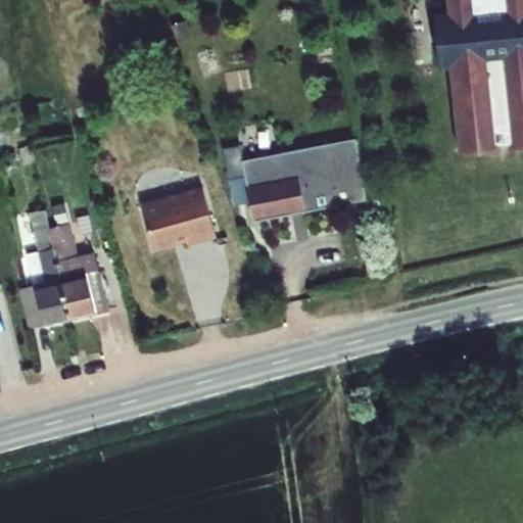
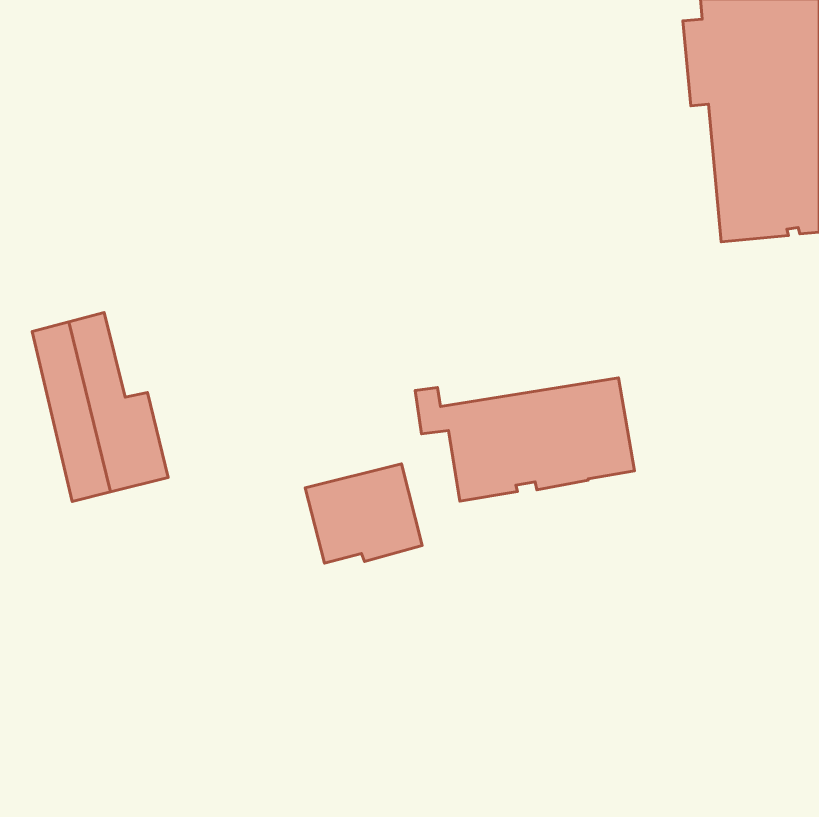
building: [225,141,365,220] -> [415,378,635,501]
building: [141,188,216,251] -> [305,464,422,563]

